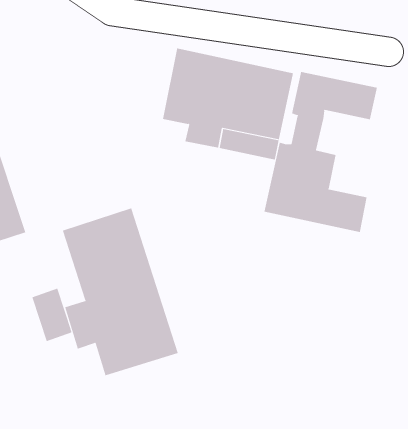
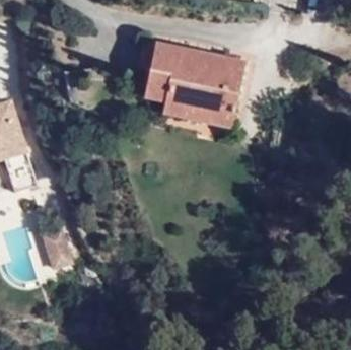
building: [264,71,377,233] -> none
building: [62,207,179,376] -> none

